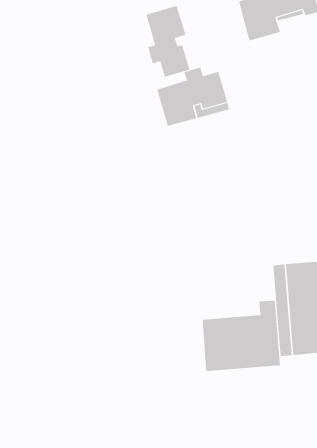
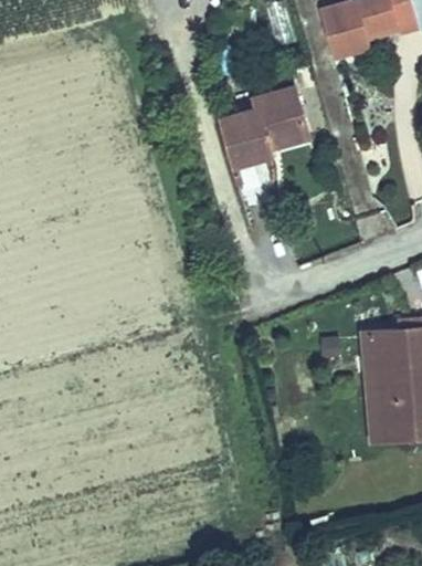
building: [146,5,190,78] -> none
building: [202,300,281,372] -> none

